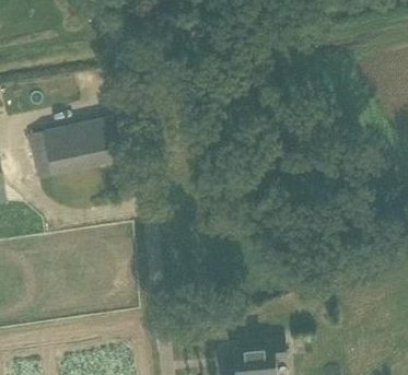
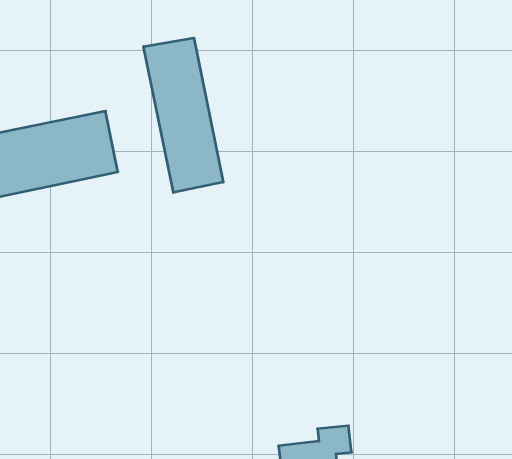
building: none -> [144,38,223,193]

